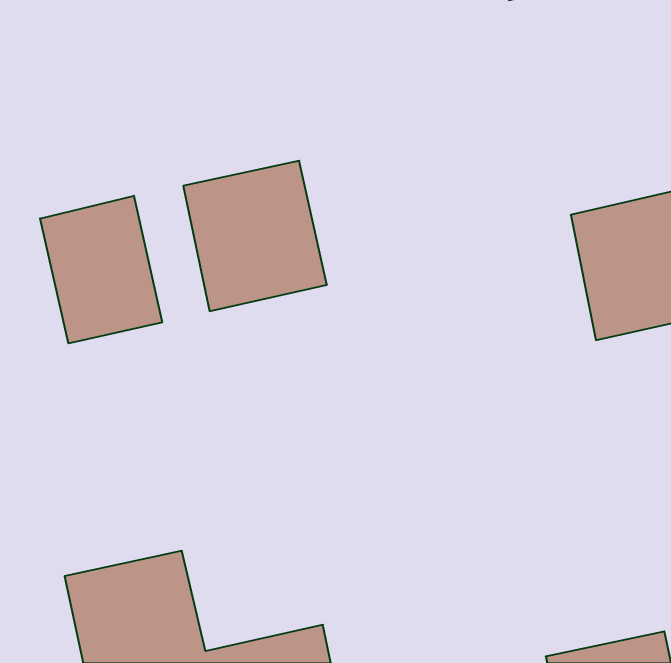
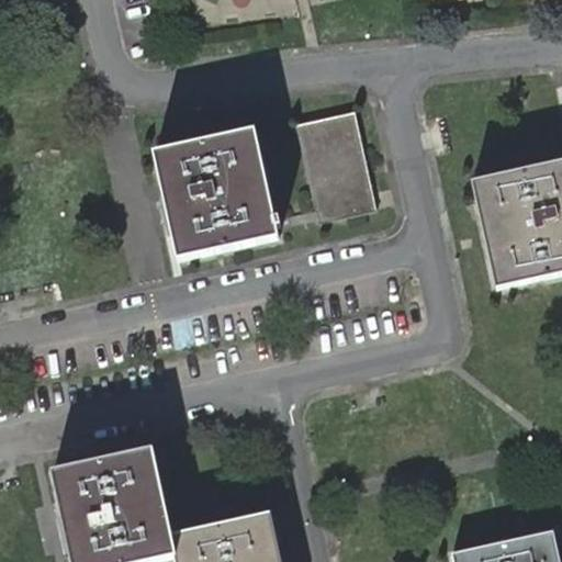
building: none -> [294,112,374,223]
building: [40,196,162,343] -> none

